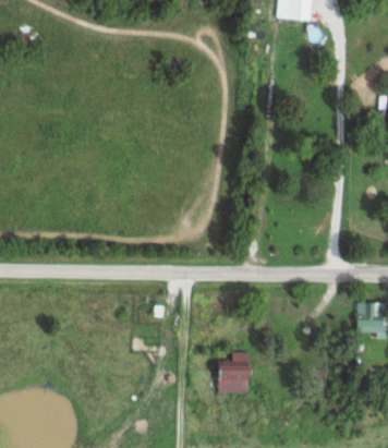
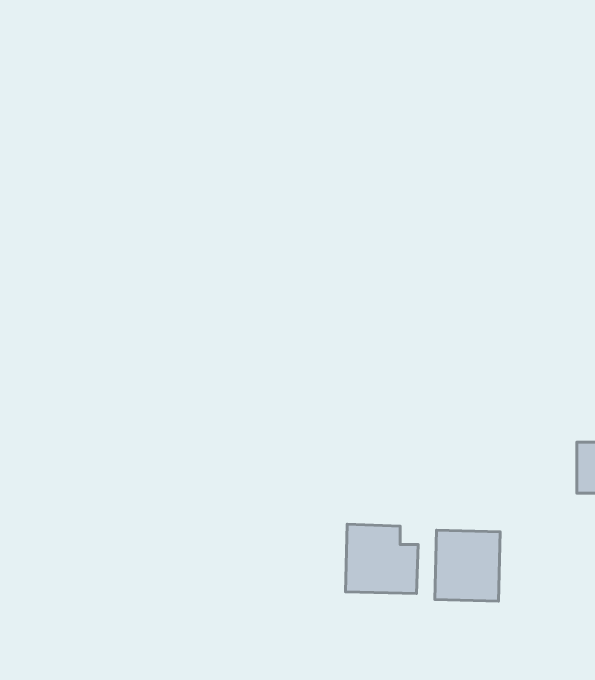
building: none -> [435,530,500,601]

